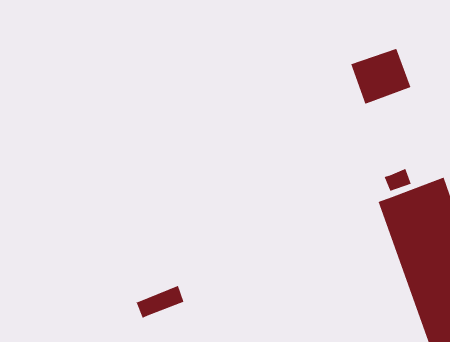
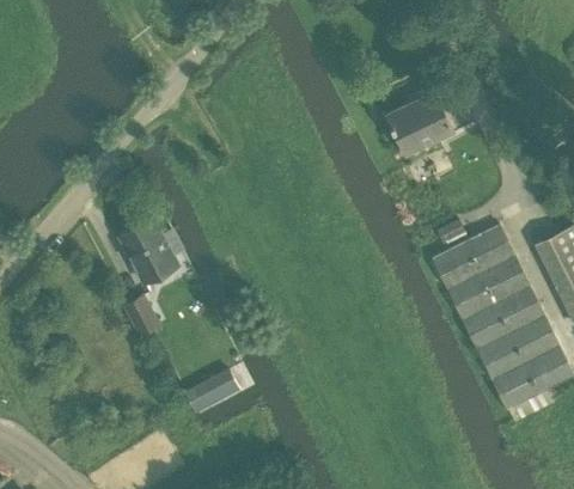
building: none -> [120,219,182,282]
building: none -> [124,295,159,335]

